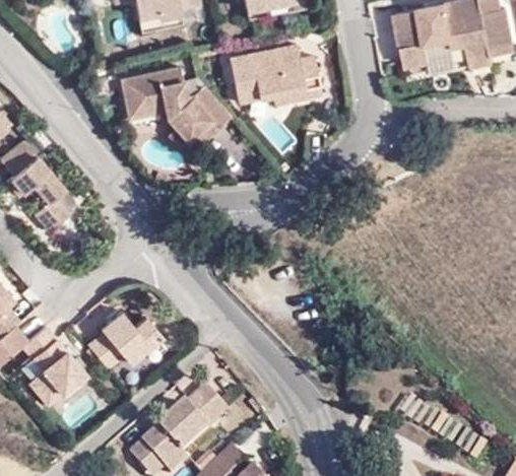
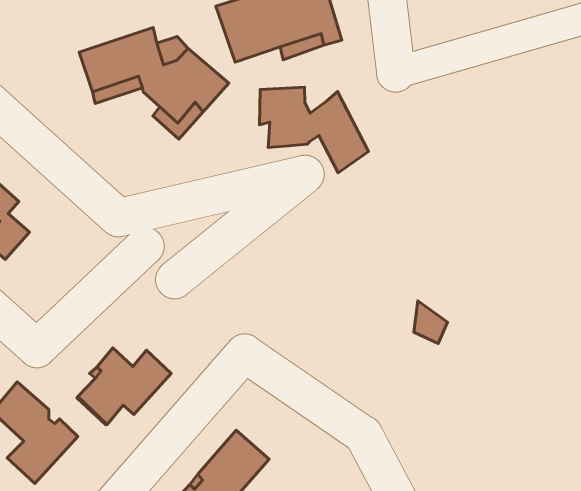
building: none -> [259,87,369,173]

